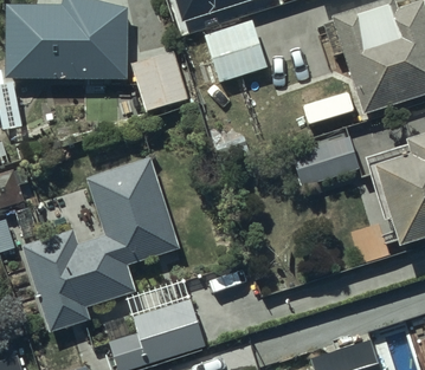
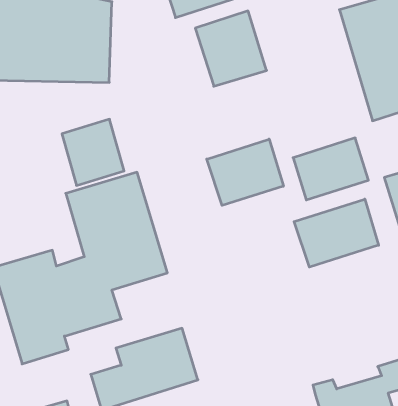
building: [131,51,187,110] -> [62,119,124,185]
building: none -> [207,139,283,205]
building: none -> [294,199,379,267]

